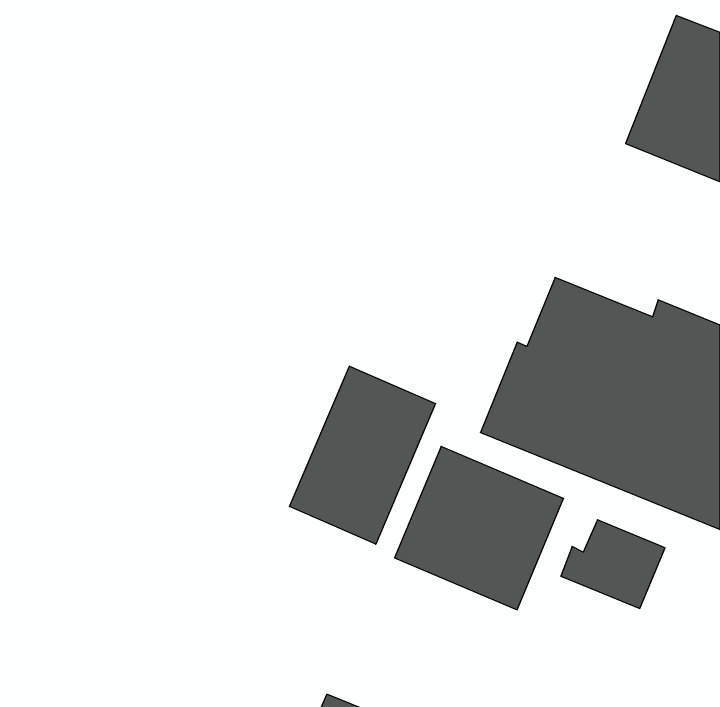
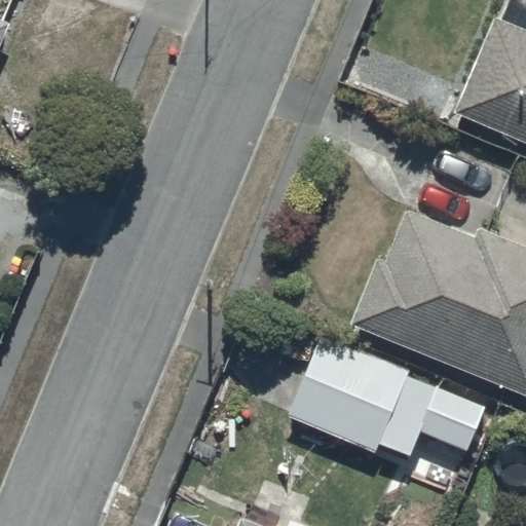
building: [290,366,436,544] -> none

